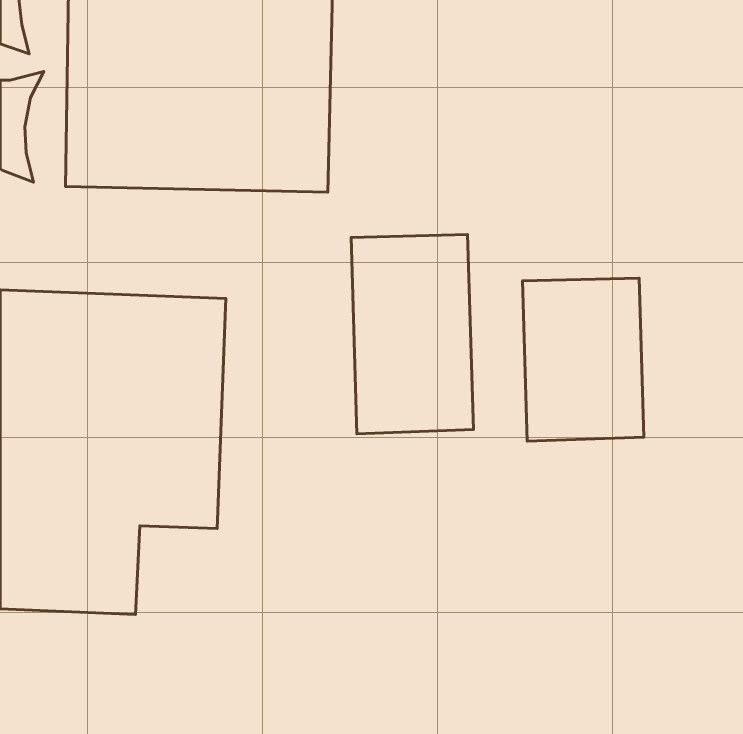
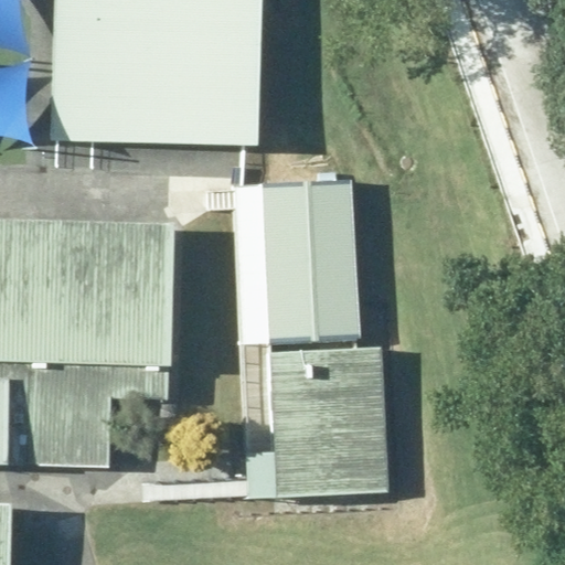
building: [522,278,644,441] -> none
building: none -> [238,344,381,495]

